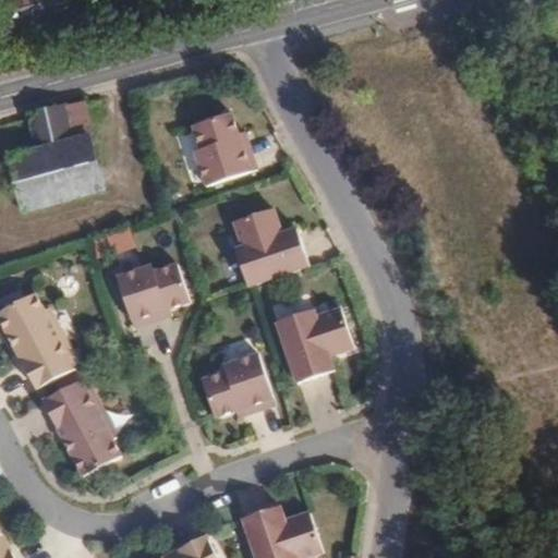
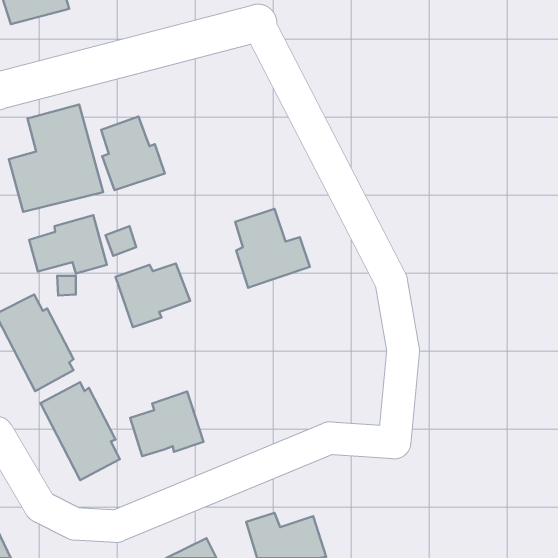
building: [190,111,253,184] -> [101,117,165,190]
building: none -> [29,215,107,273]
building: [275,307,353,383] -> none
building: [201,352,274,416] -> [130,391,204,456]

